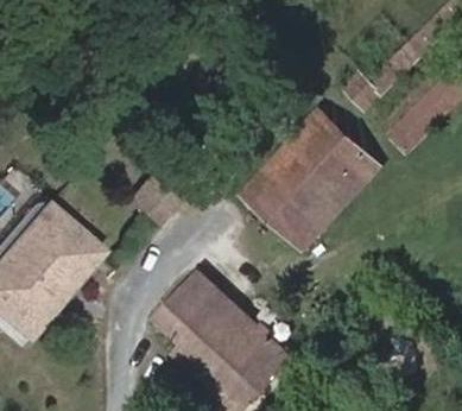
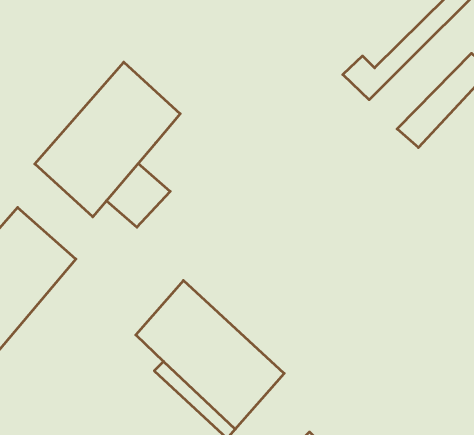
building: none -> [35,62,180,217]
building: [241,110,378,247] -> none

